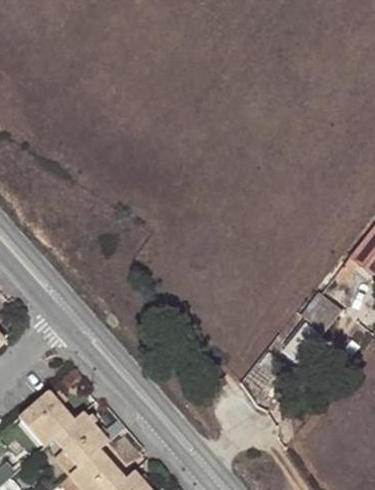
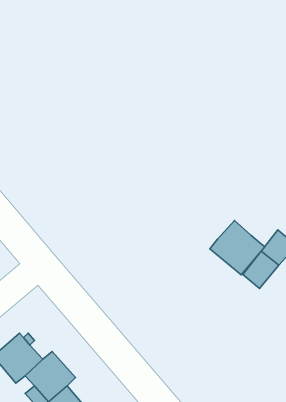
building: none -> [210,221,265,275]

